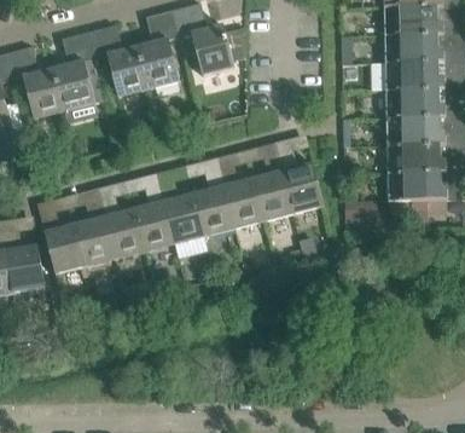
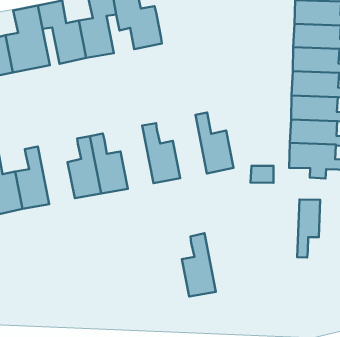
building: [252,146,293,220] -> [182,233,216,296]
building: [193,162,233,236] -> none
building: [98,189,144,259] -> none
building: none -> [297,200,320,257]

